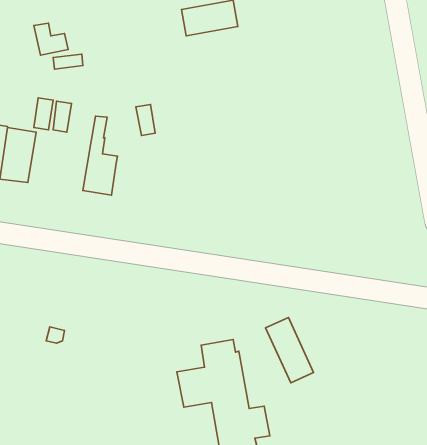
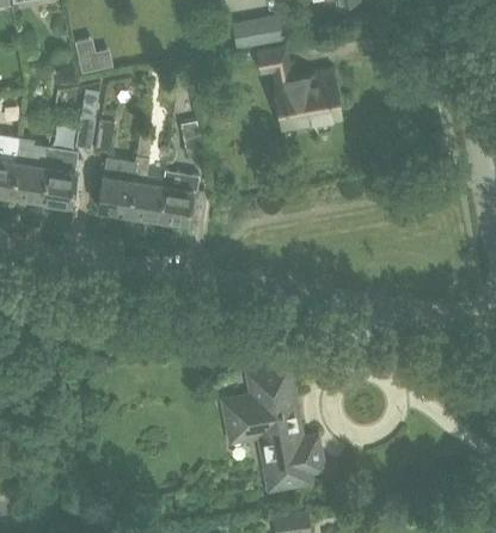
building: none -> [257,47,338,130]
building: none -> [97,157,135,213]
building: none -> [157,170,198,222]
building: [266,317,314,383] -> none

